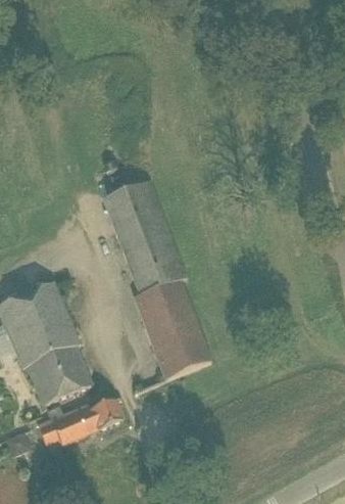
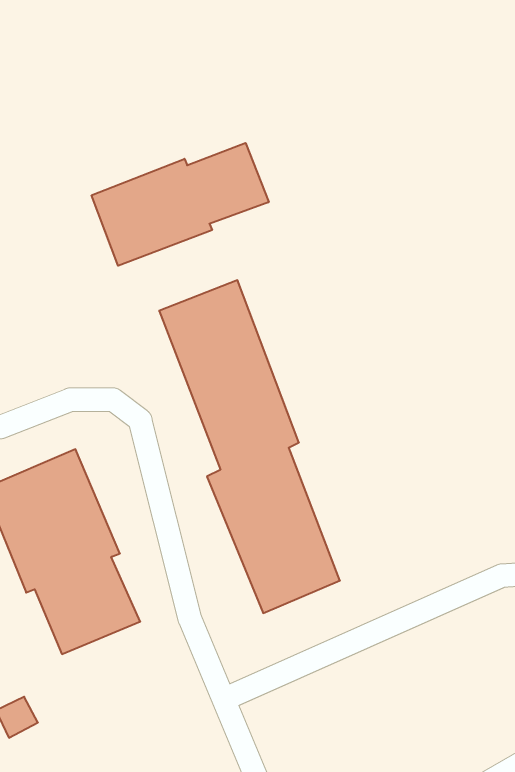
building: none -> [92,143,269,266]
building: [38,399,124,443] -> none

